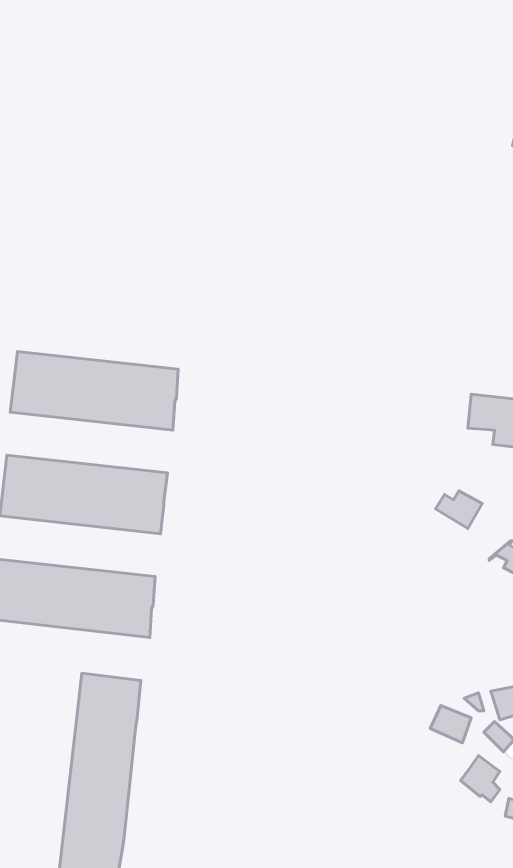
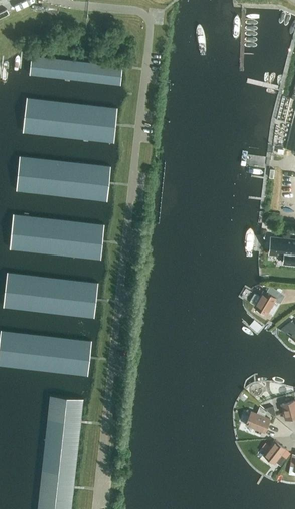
building: none -> [30,56,122,85]
building: none -> [23,98,118,142]
building: none -> [17,156,111,200]

